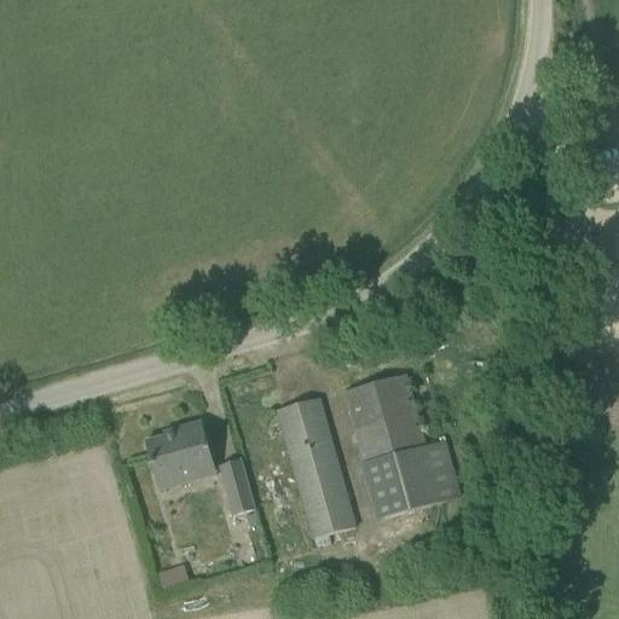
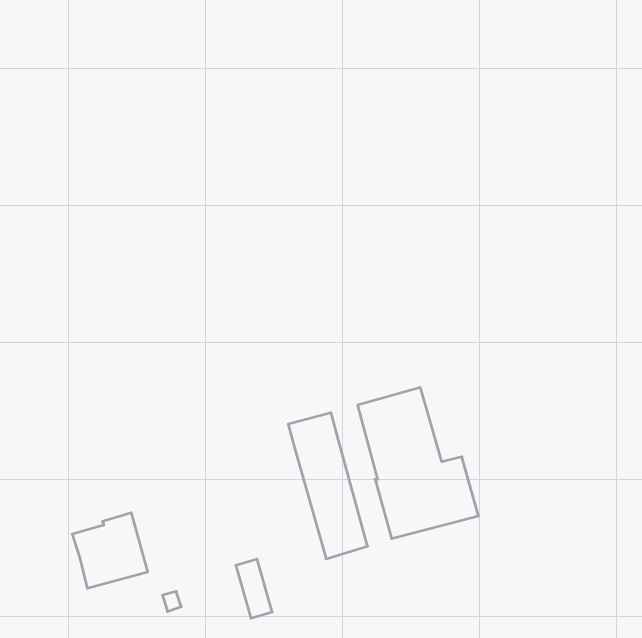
building: [144,418,216,491] -> [72,513,148,588]
building: [219,458,254,515] -> [236,559,272,618]

